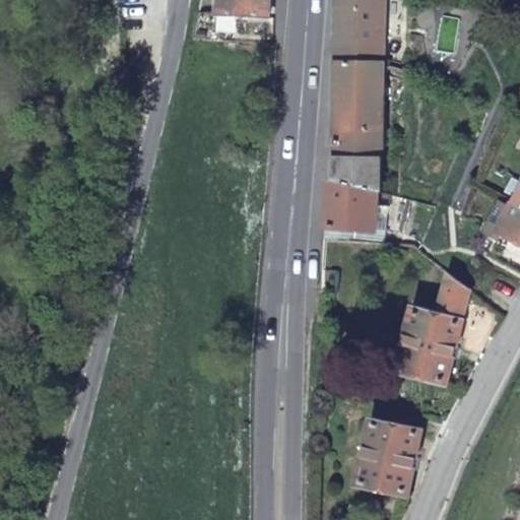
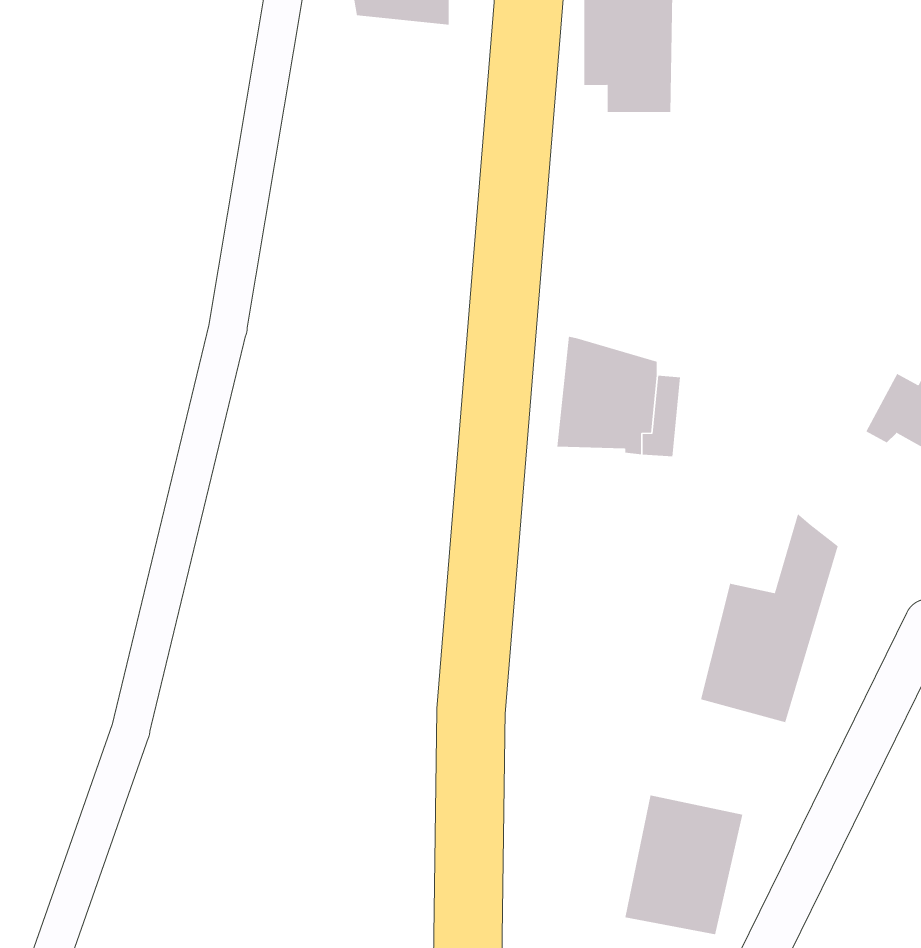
building: [333,49,382,190] -> none

